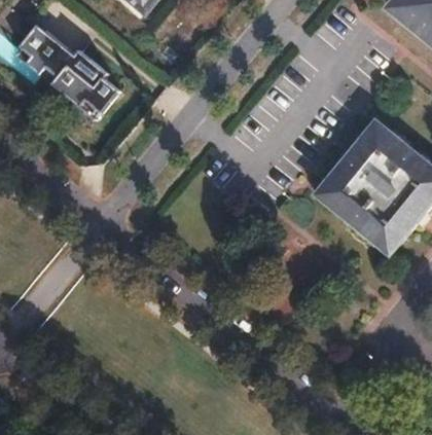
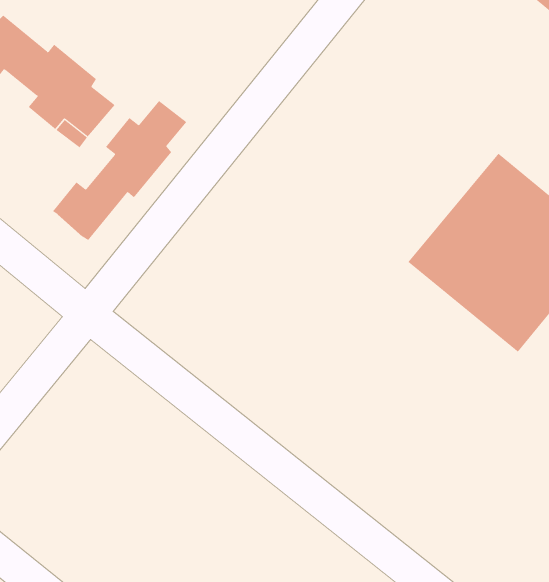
building: none -> [52,100,187,241]

